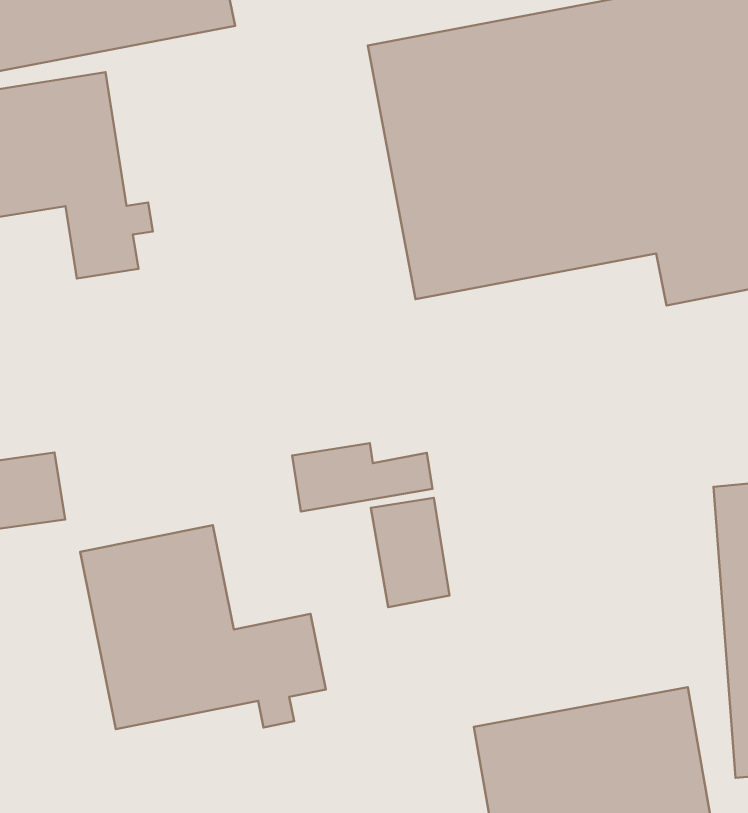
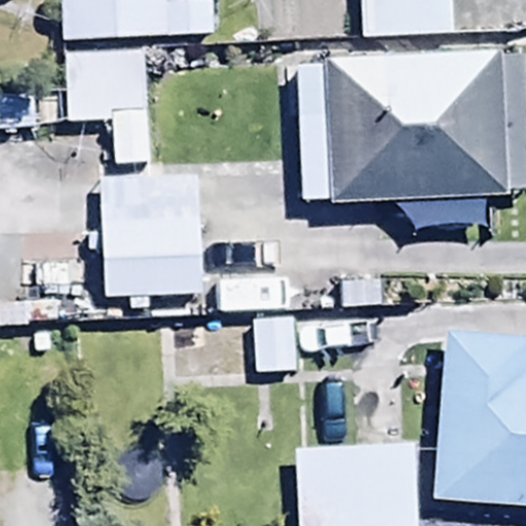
building: none -> [102,168,202,306]
building: [80,525,326,729] -> none

